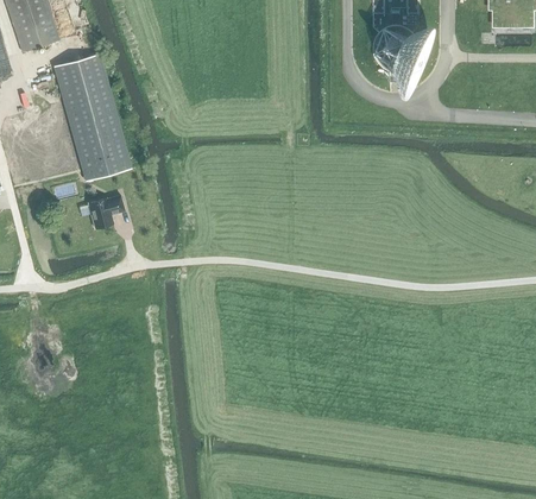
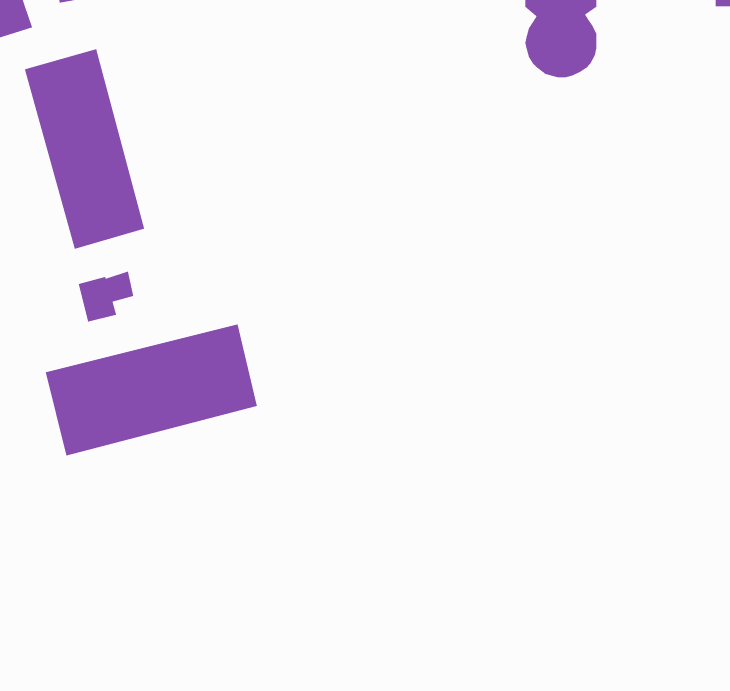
building: none -> [45,324,258,456]

